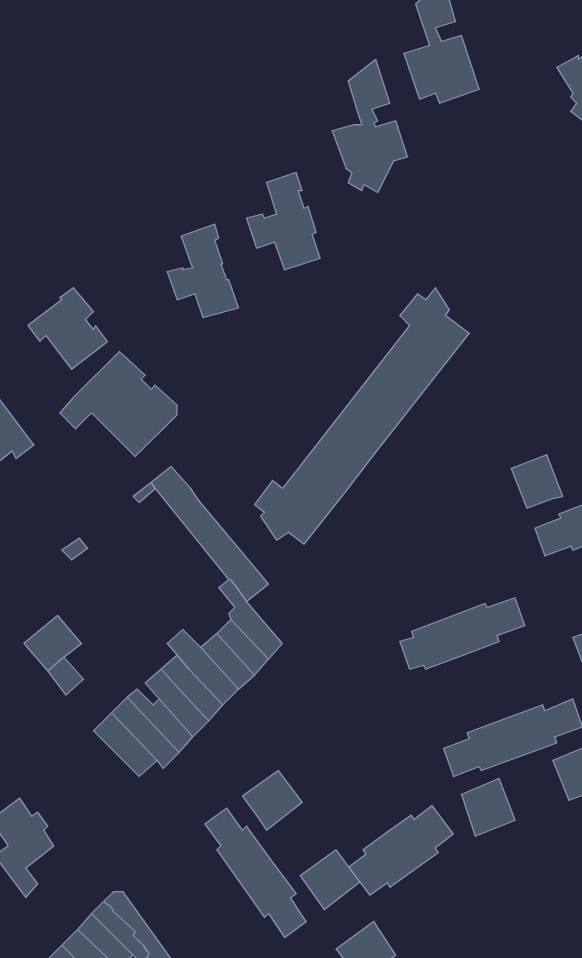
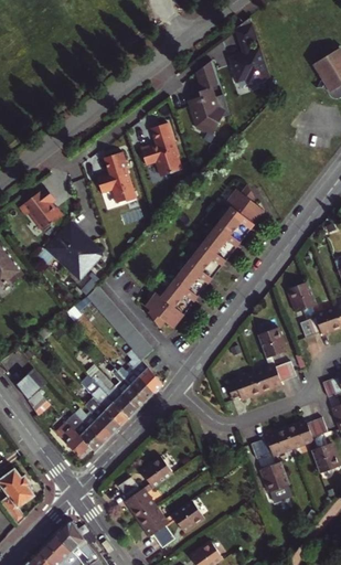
building: none -> [256,326,286,356]
building: [349,805,453,895] -> none

